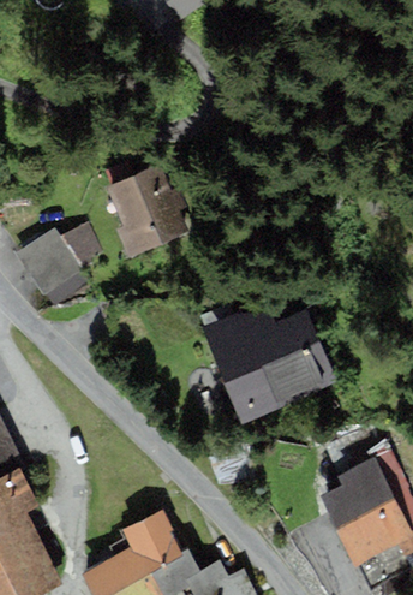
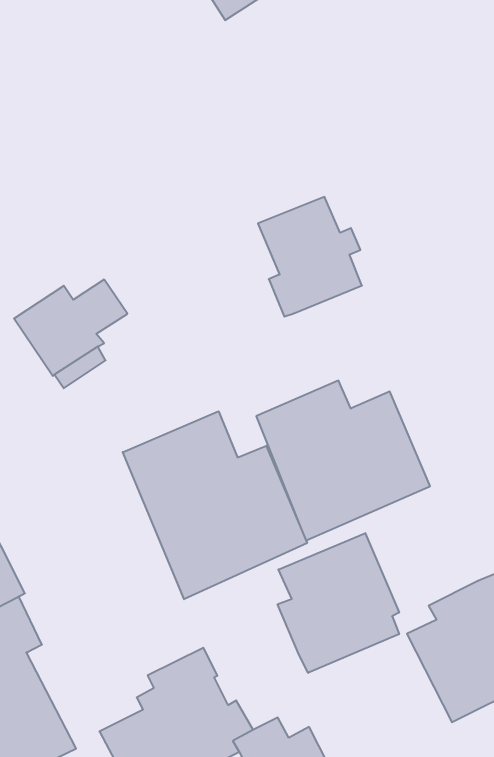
building: [108,166,188,258] -> [258,197,362,317]
building: none -> [123,411,307,599]
building: none -> [278,533,399,673]

